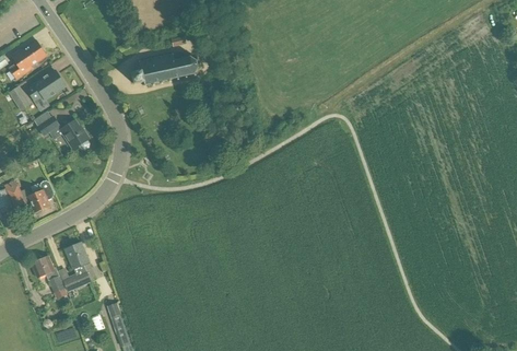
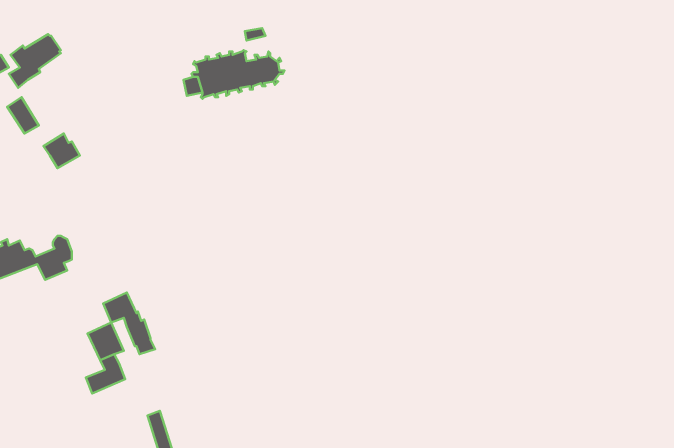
building: [28,70,66,100] -> none
building: [60,120,89,149] -> none
building: [32,256,68,299] -> [103,293,155,354]

